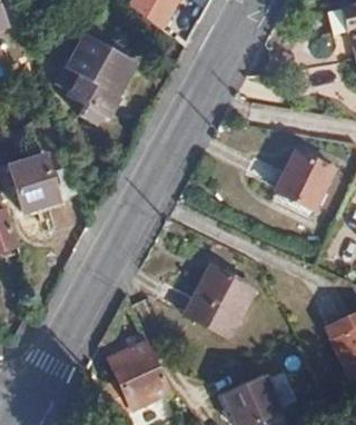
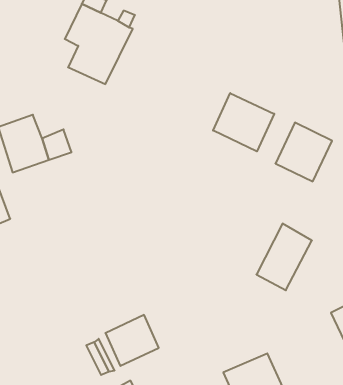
building: none -> [213,93,274,151]
building: [185,265,239,330] -> [256,224,312,290]

